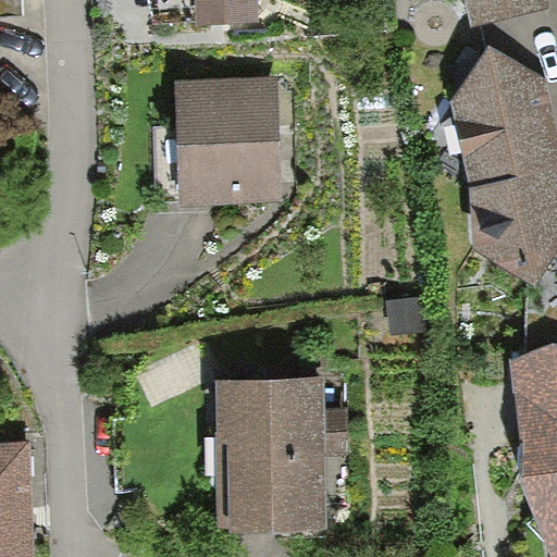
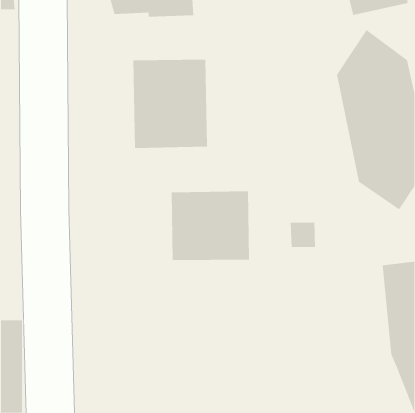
building: none -> [171,190,249,261]
building: [218,380,347,527] -> none

